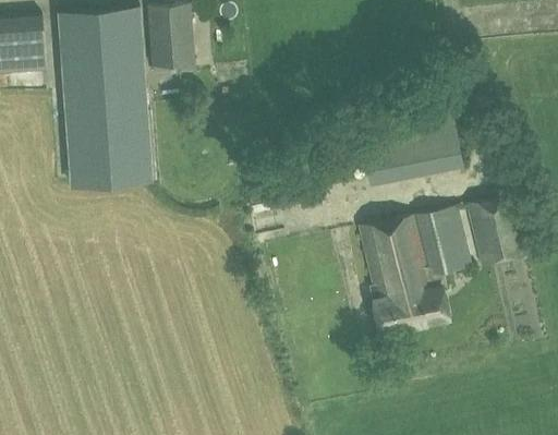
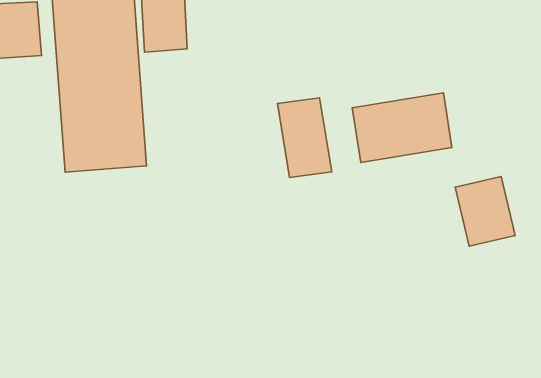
building: none -> [277,98,332,177]
building: [357,207,471,338] -> none

